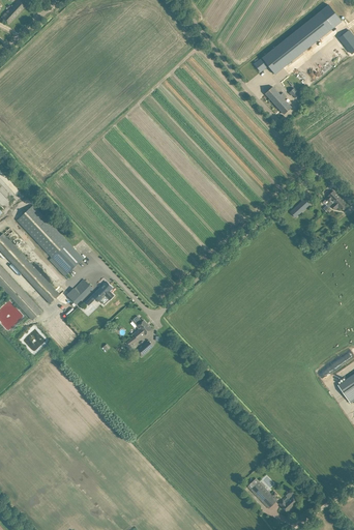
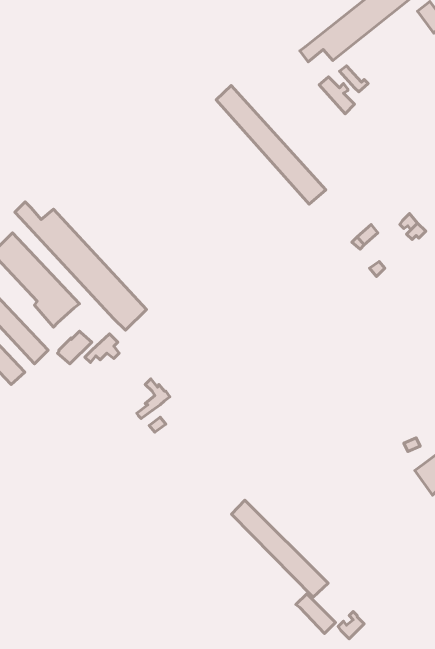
building: none -> [216,85,326,204]
building: none -> [15,202,146,330]
building: none -> [231,500,328,597]

